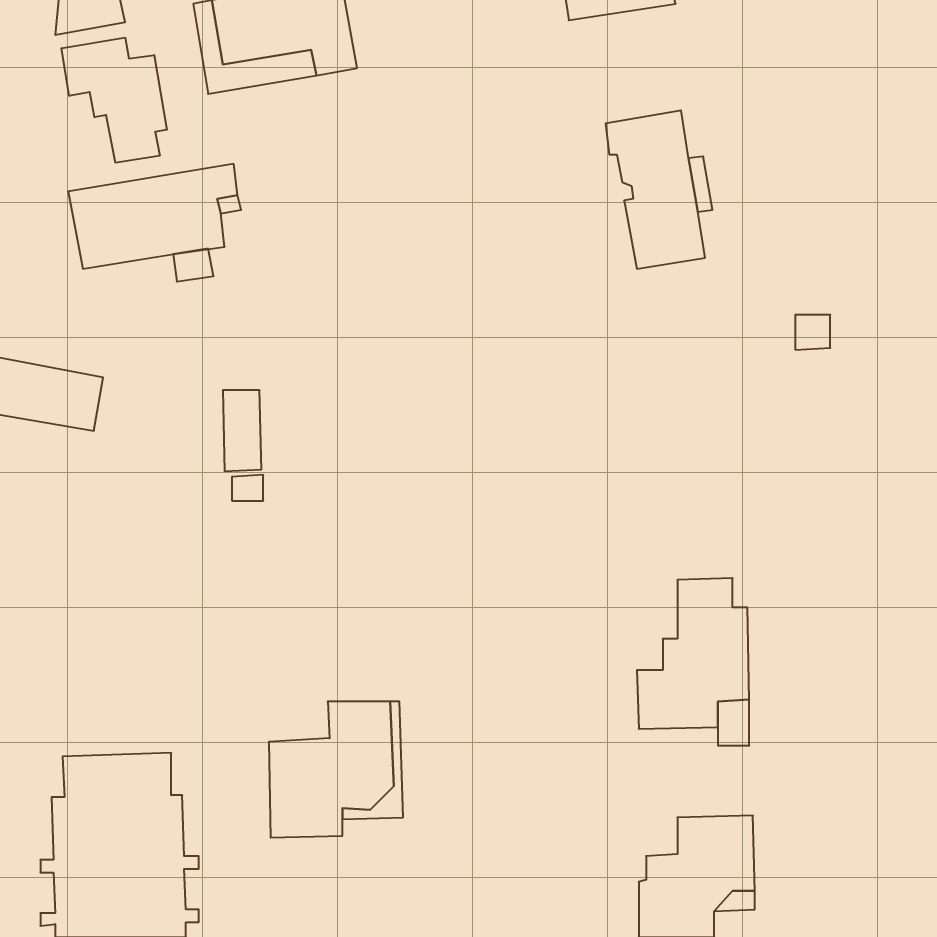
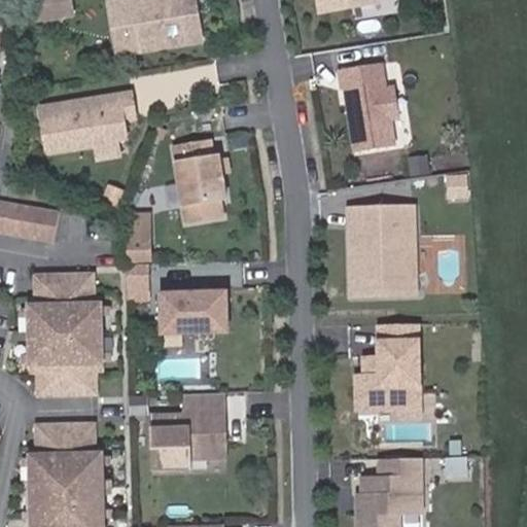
building: [62,38,167,163] -> none
building: none -> [173,140,224,221]
building: none -> [349,204,415,293]
building: none -> [28,272,103,395]
building: none -> [157,290,227,327]

